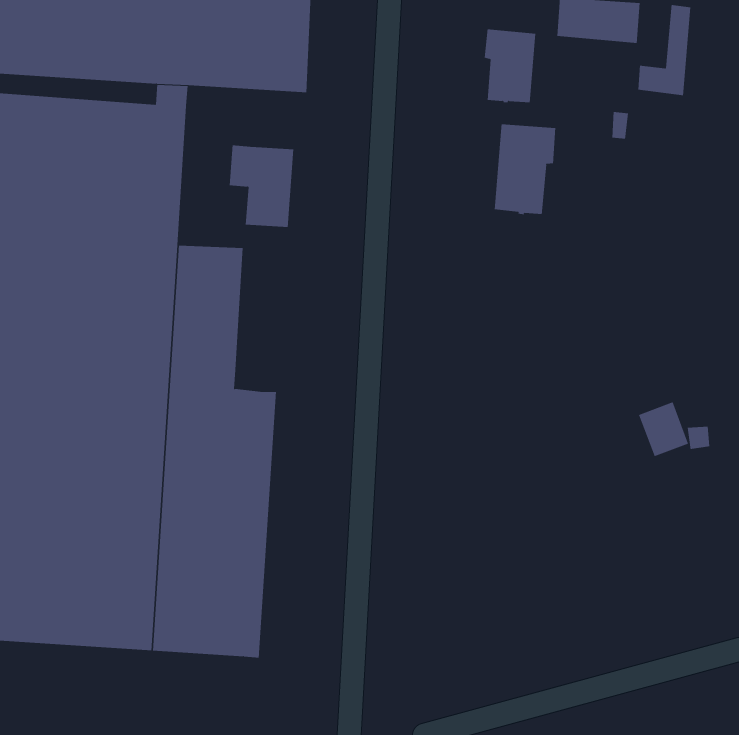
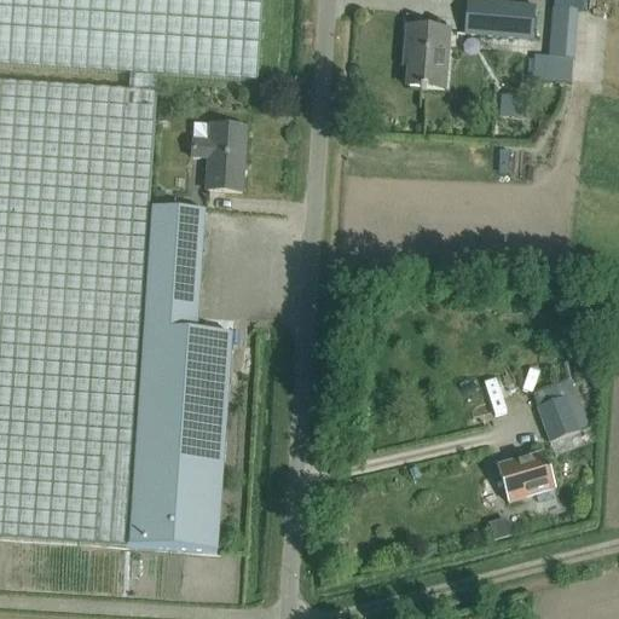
building: [494,123,556,215] -> none
building: [638,402,689,457] -> [536,394,578,440]
building: none -> [496,449,554,501]

